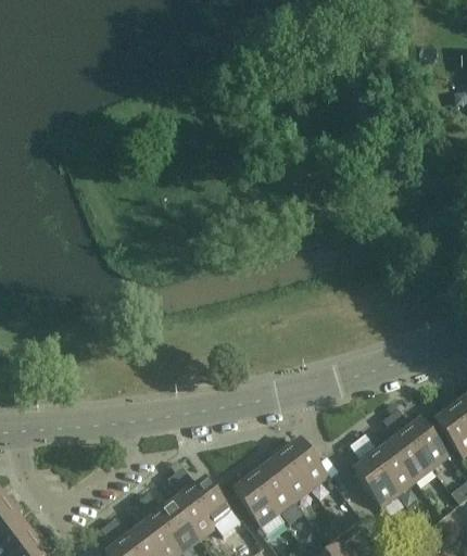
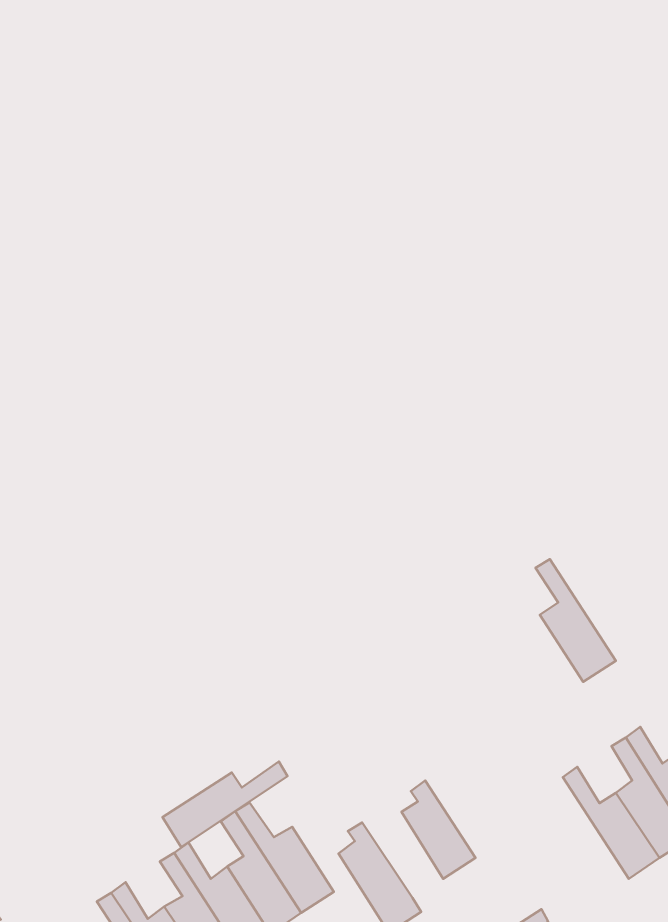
building: [281,442,330,491] -> none
building: [351,442,400,509] -> [536,559,616,682]
building: none -> [162,762,287,847]
building: [248,468,295,516] -> none

